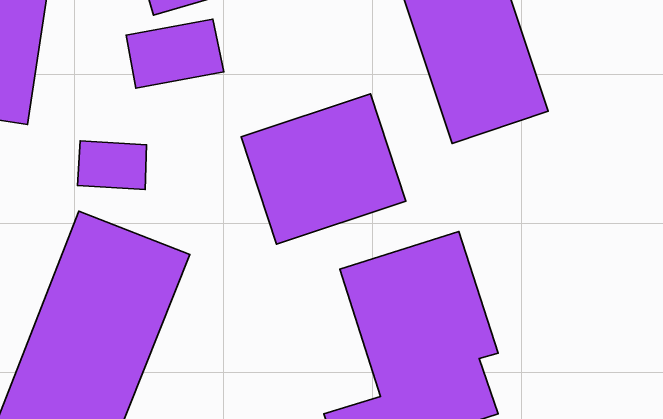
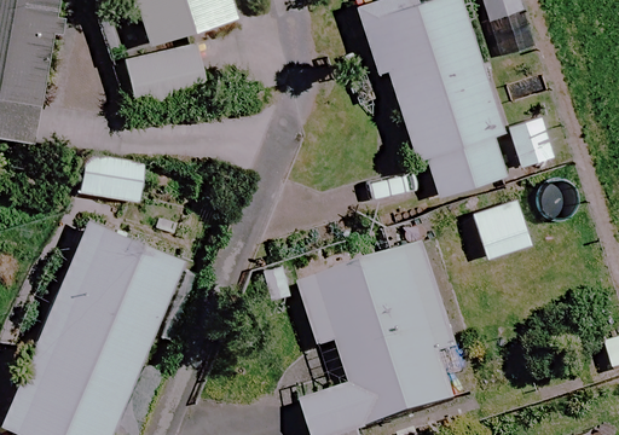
building: [241,94,406,244] -> none

